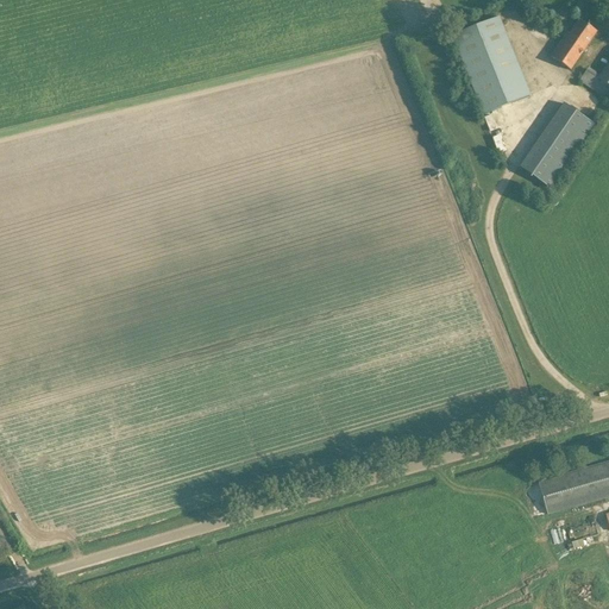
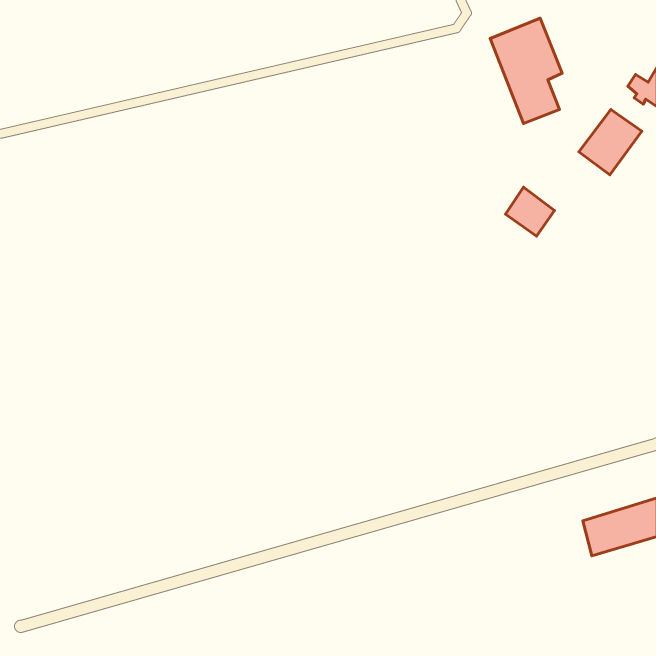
building: [553,19,597,68] -> none
building: [520,140,565,186] -> [506,187,554,236]

